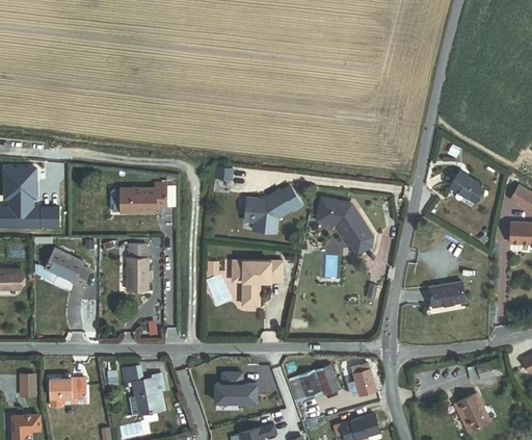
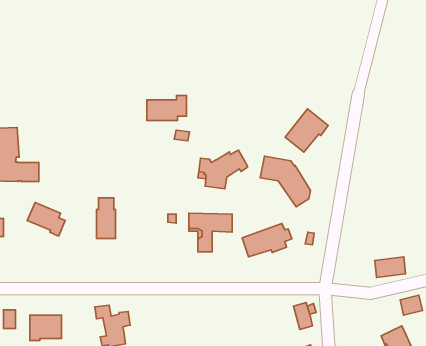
building: none -> [285,109,328,152]
building: [451,172,484,201] -> none
building: [119,183,165,212] -> [147,95,186,121]
building: [430,281,466,305] -> [375,257,406,278]
building: [289,364,346,403] -> [242,224,292,257]
building: [214,372,256,402] -> none

